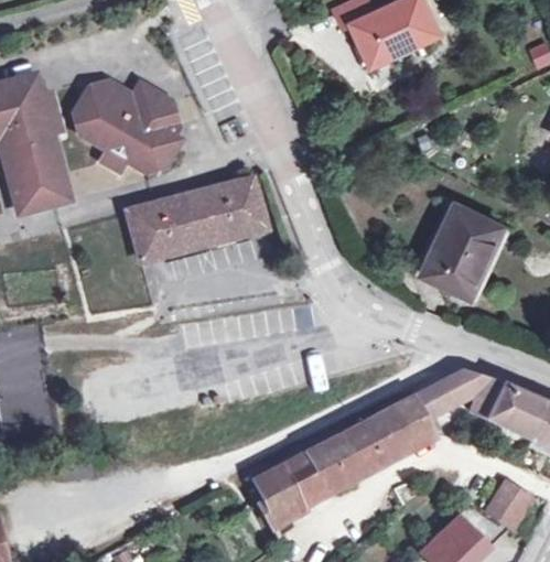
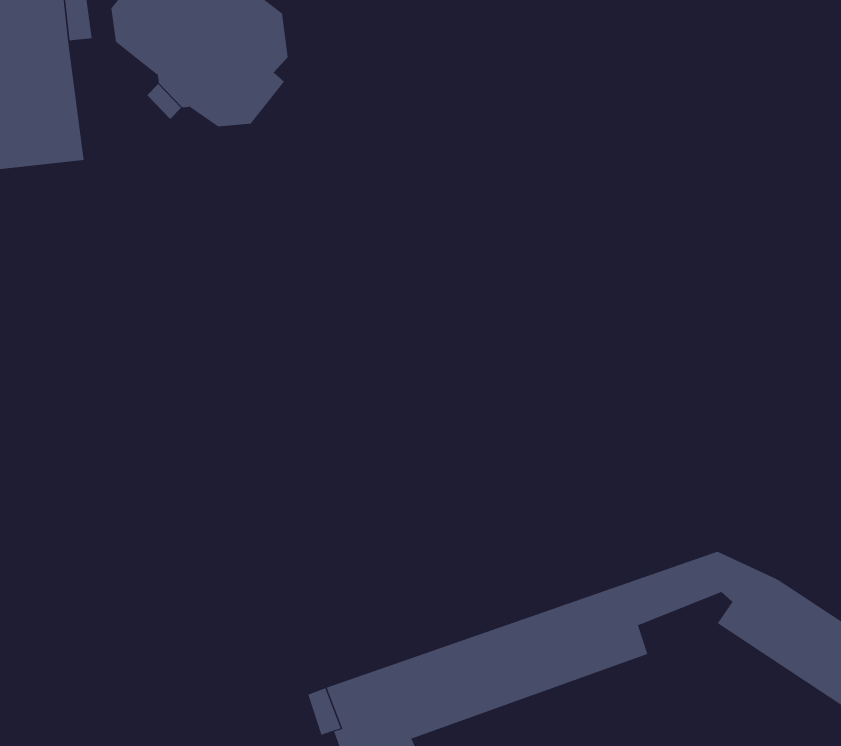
building: [128,179,265,260] -> none
building: [422,204,503,296] -> none

